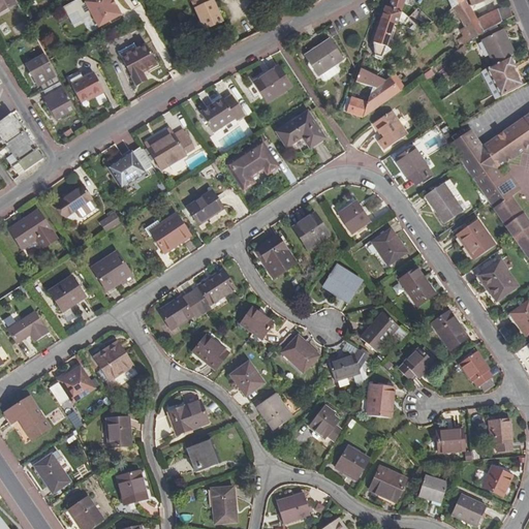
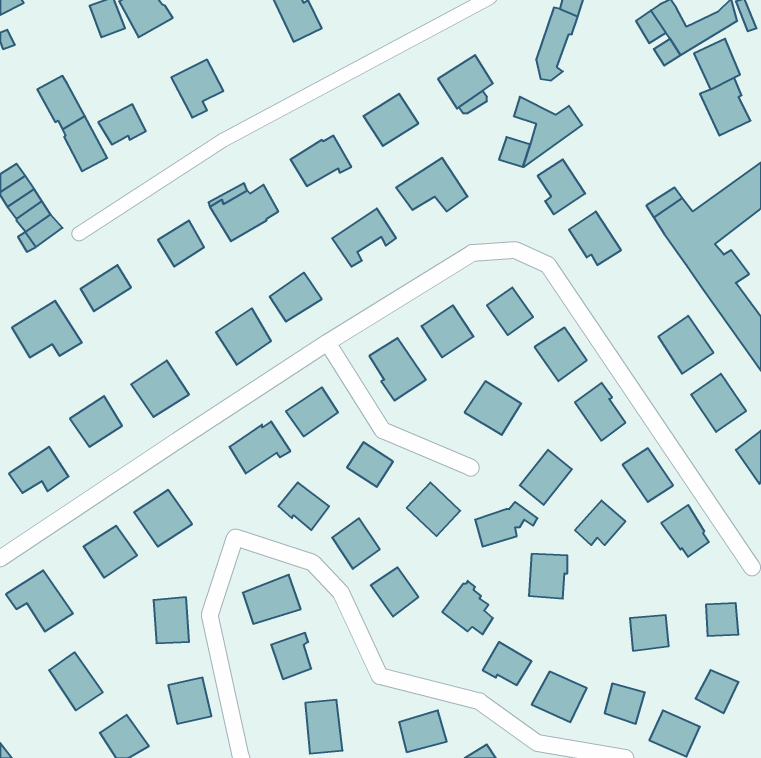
building: [426,177,463,222] -> none

